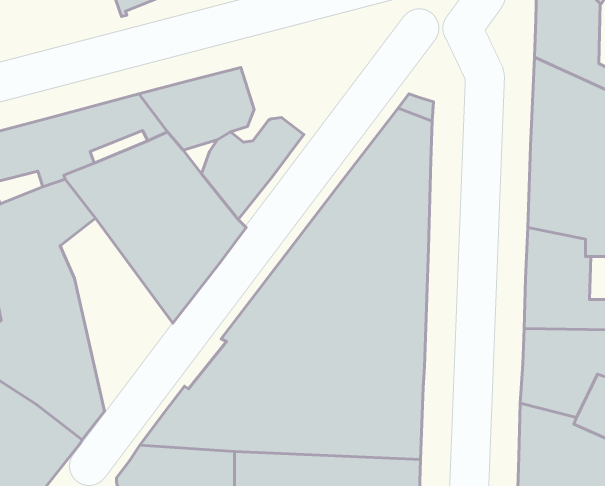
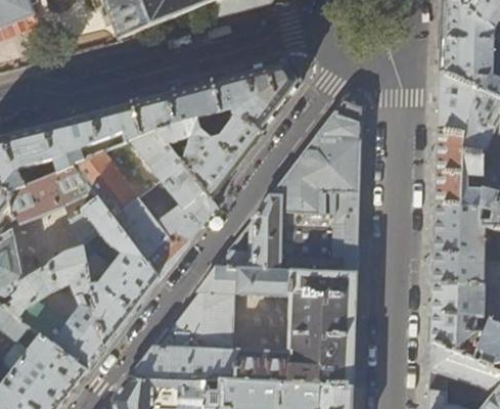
building: none -> [212,62,301,134]
building: none -> [71,199,158,350]

